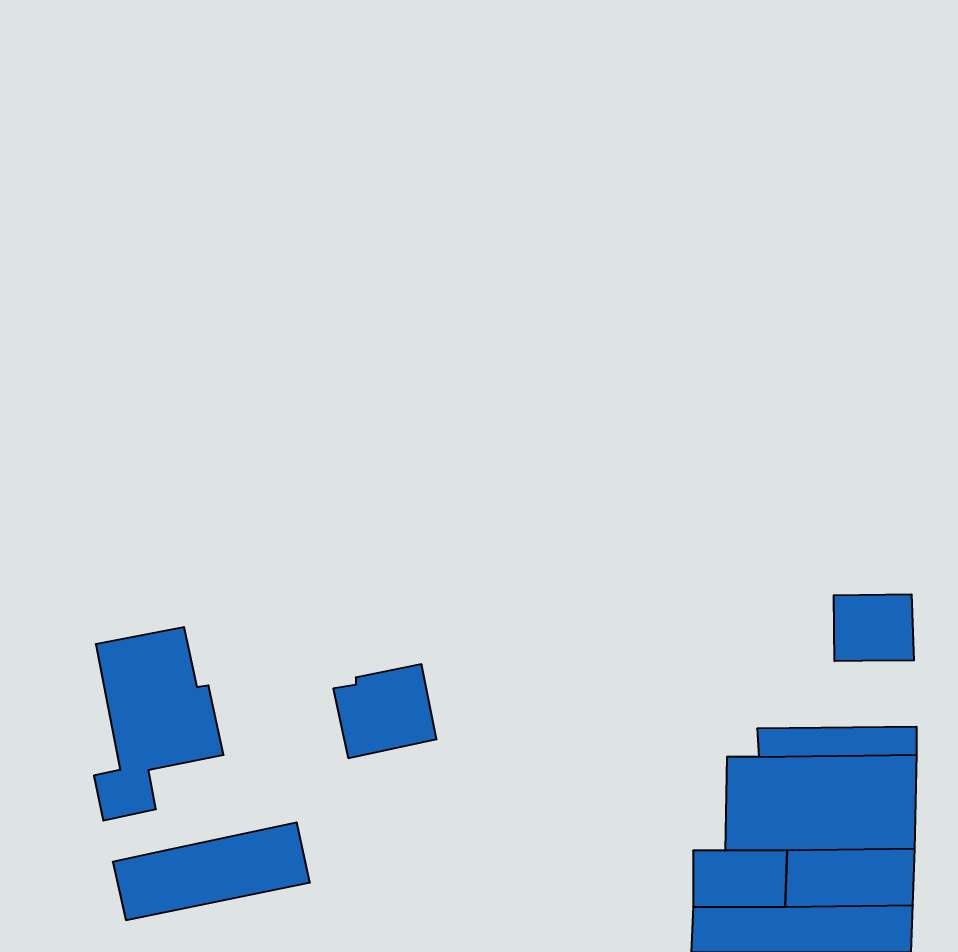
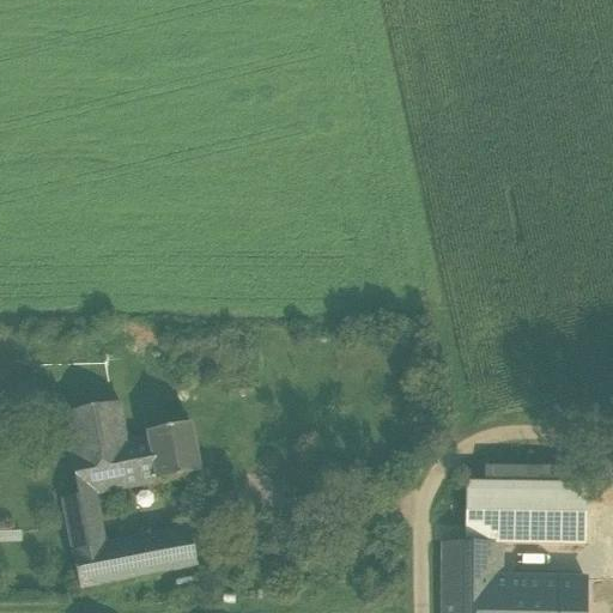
building: [834,594,914,661] -> none
building: [333,664,437,758] -> [133,421,199,481]
building: none -> [66,516,105,550]

